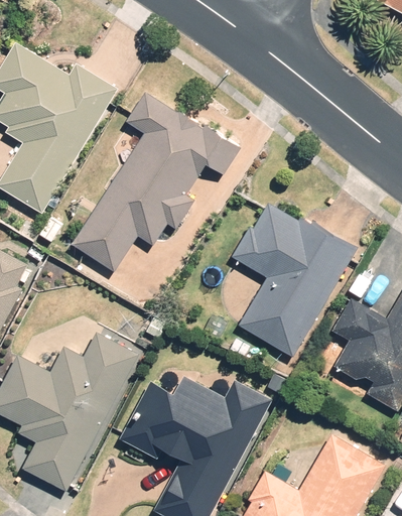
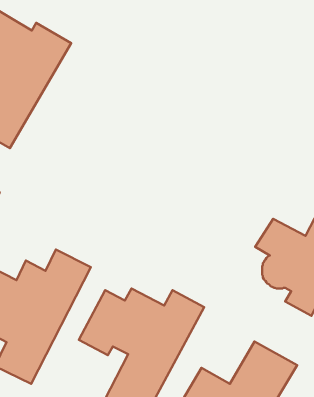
building: [78,90,243,268] -> none
building: [232,204,357,359] -> none

